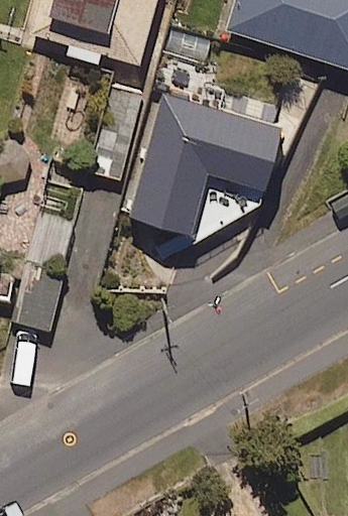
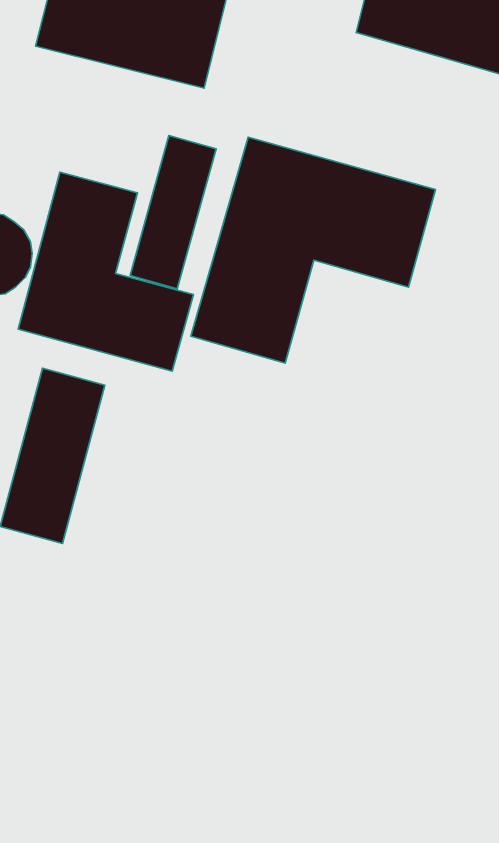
building: none -> [18,172,193,371]

